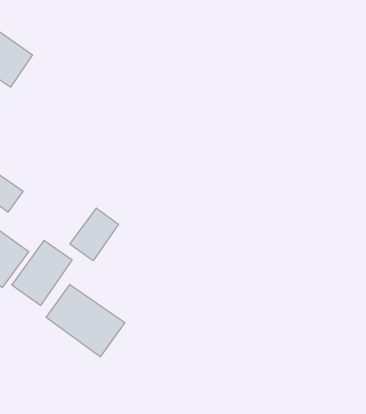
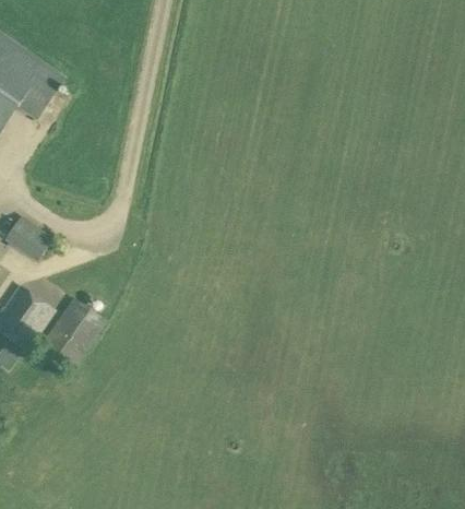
building: [70,208,119,261] -> none
building: [46,284,125,357] -> none

